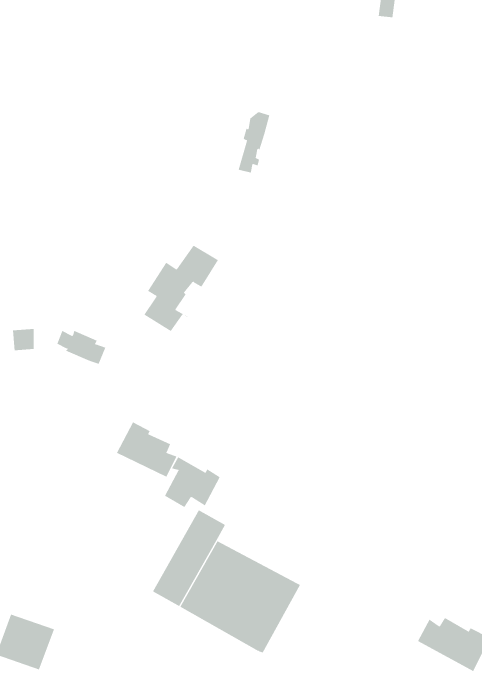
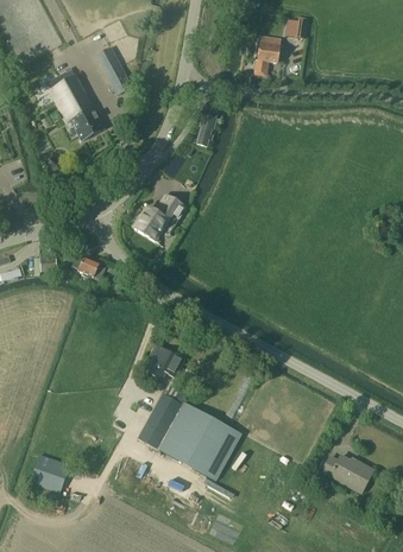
building: none -> [253,34,282,75]
building: none -> [95,46,133,95]
building: none -> [46,69,103,141]
building: [116,421,177,478] -> none

